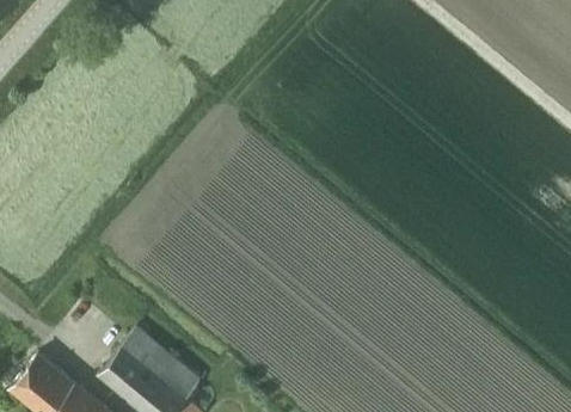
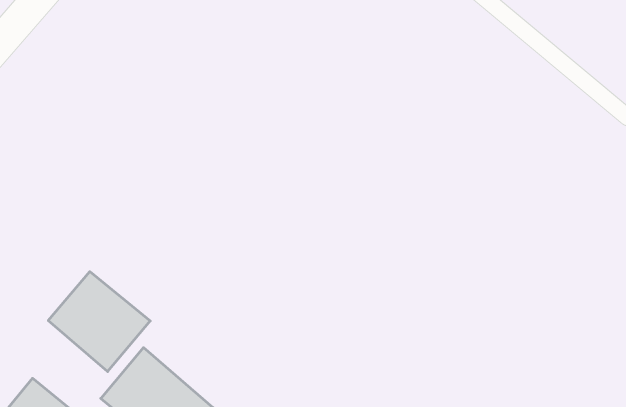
building: none -> [48,272,150,372]

